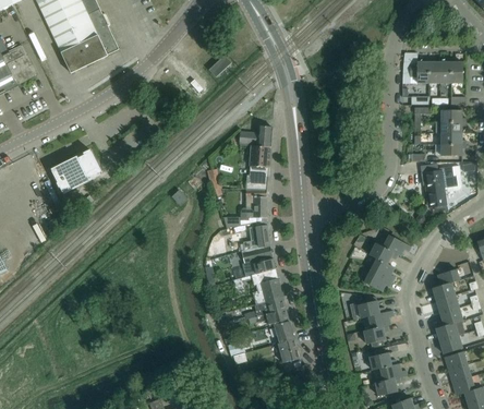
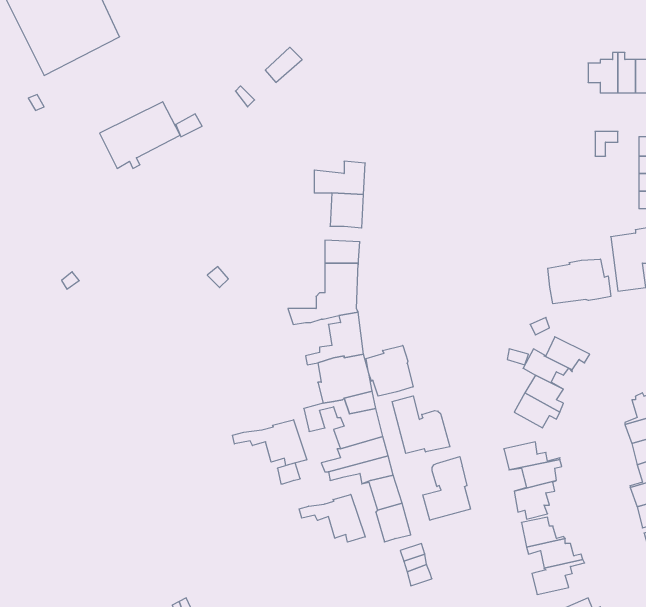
building: [52,151,102,192] -> [100,102,180,168]
building: none -> [548,259,611,304]
building: none -> [366,345,413,396]
building: none -> [392,396,450,453]
building: none -> [232,420,307,465]
building: none -> [423,457,470,520]
building: none -> [299,494,365,542]

